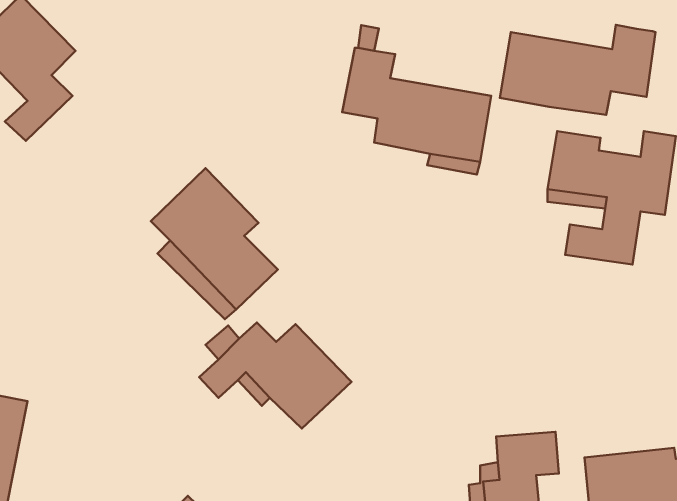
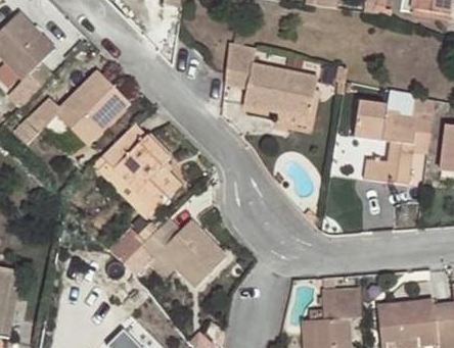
building: [500,25,656,115] -> none
building: none -> [14,71,126,143]

